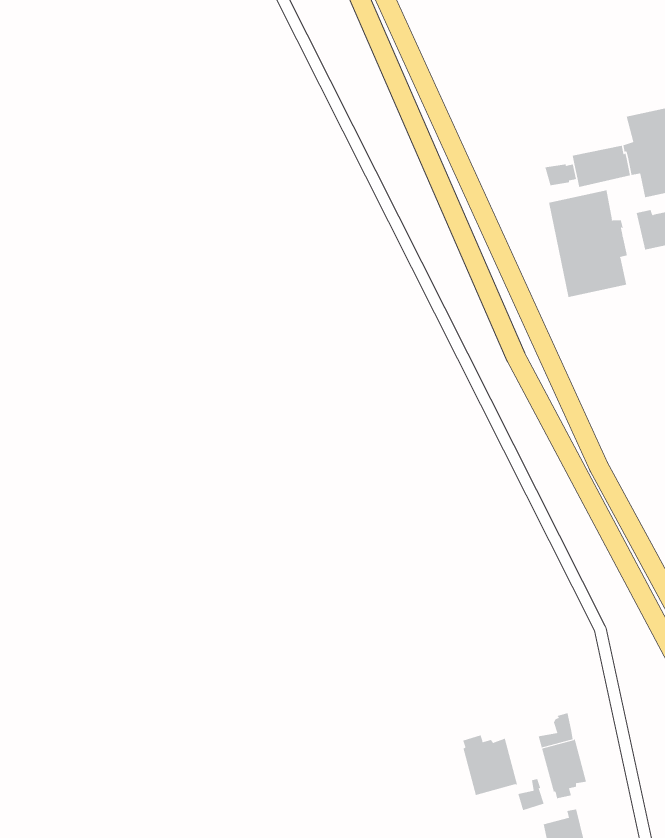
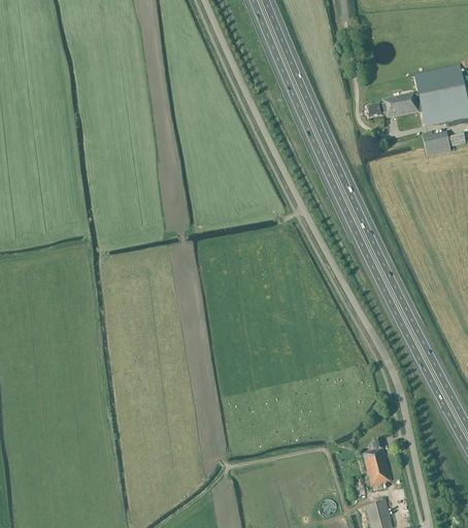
building: [548,190,628,298] -> none
building: [463,734,518,796] -> none

